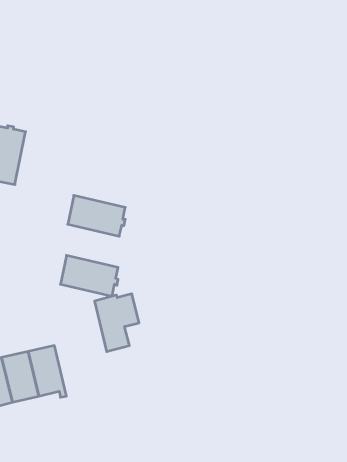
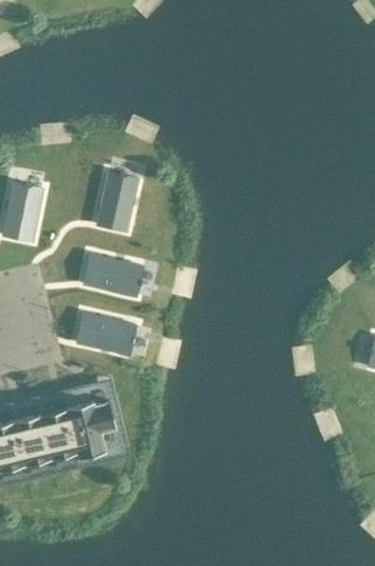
building: none -> [97,172,138,231]
building: [95,294,139,352] -> [72,398,117,456]

